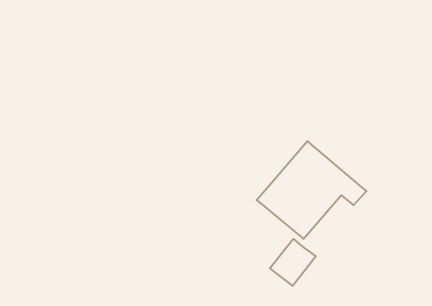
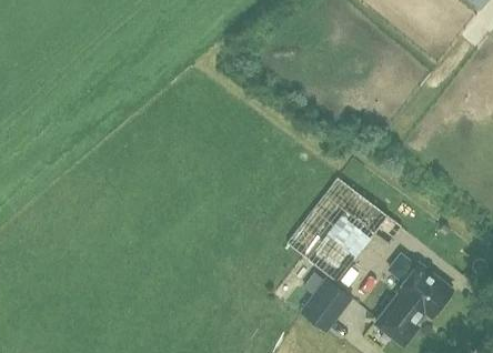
building: none -> [376,253,453,344]

